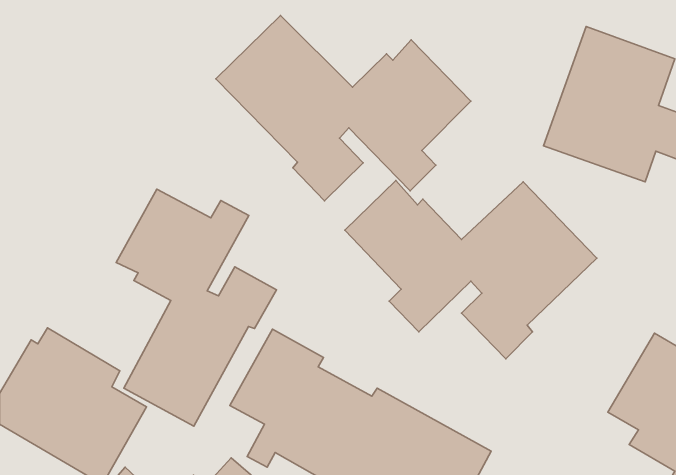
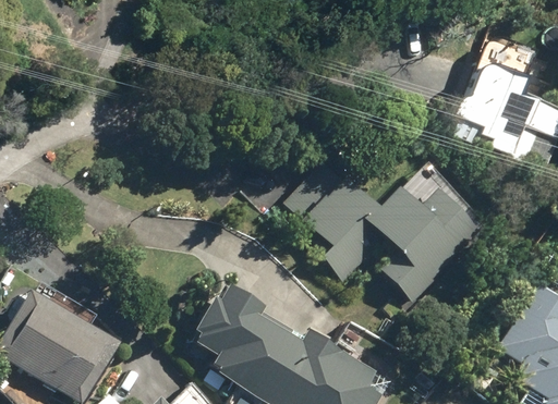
building: [216,15,471,201] -> none
building: [116,189,277,426] -> none

